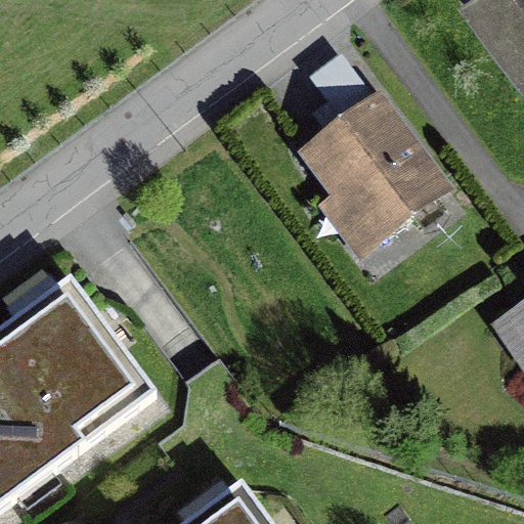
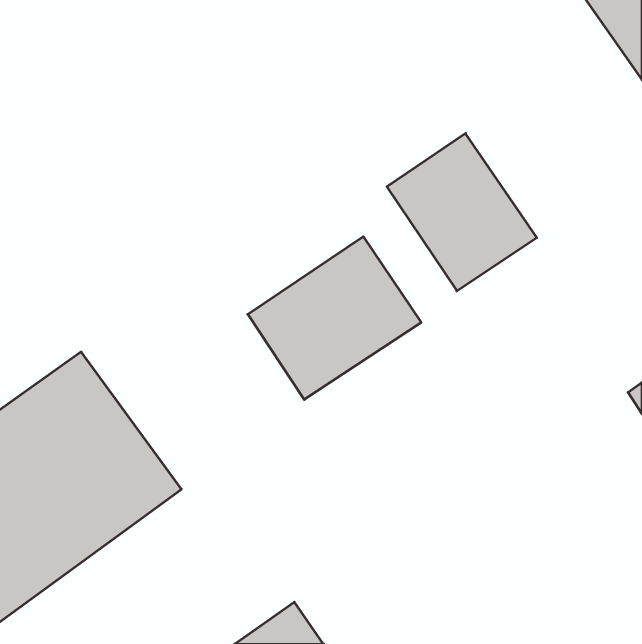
building: none -> [248,237,421,400]

